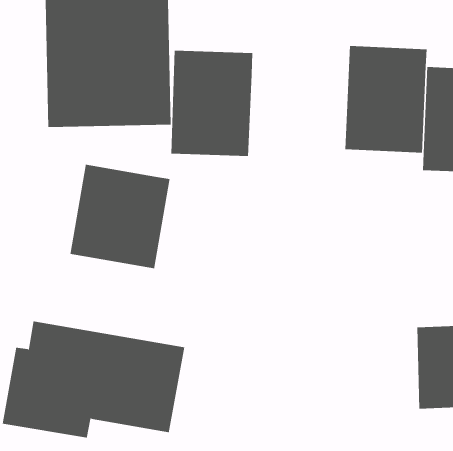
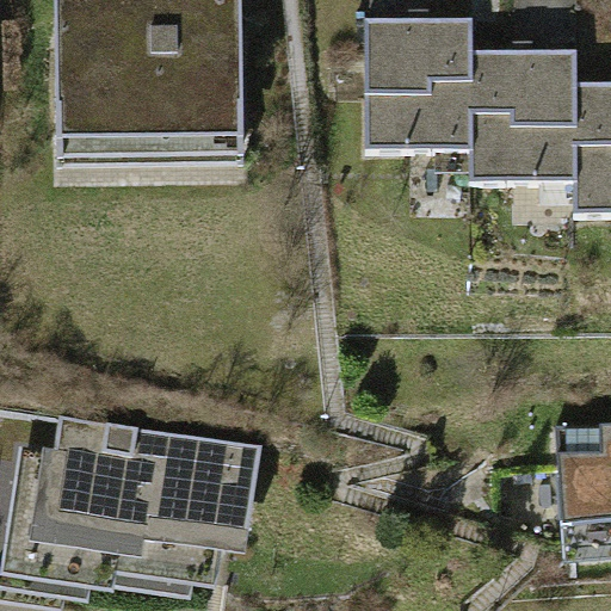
building: [170,50,253,157] -> [366,27,475,167]
building: [70,164,170,269] -> none

